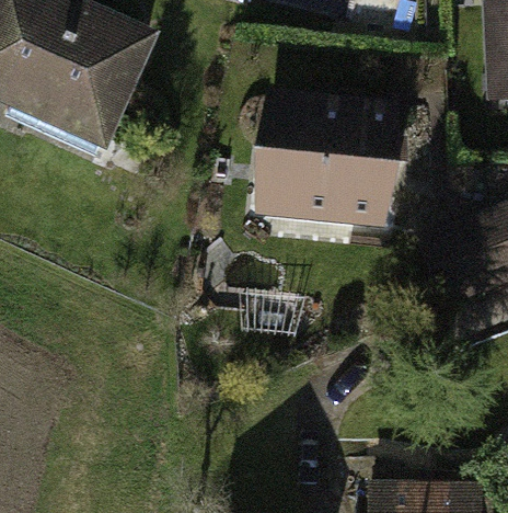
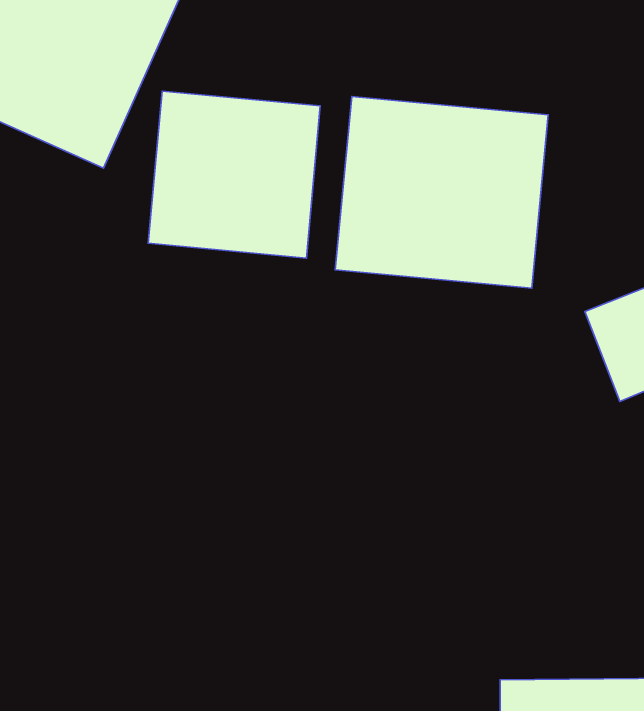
building: none -> [148,91,320,258]

